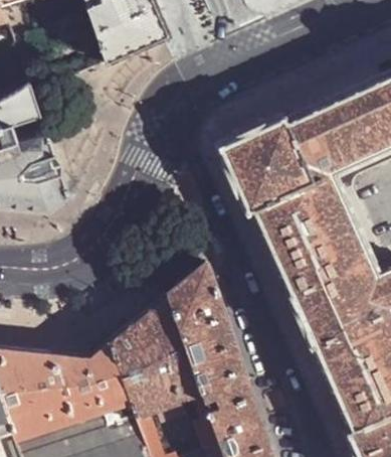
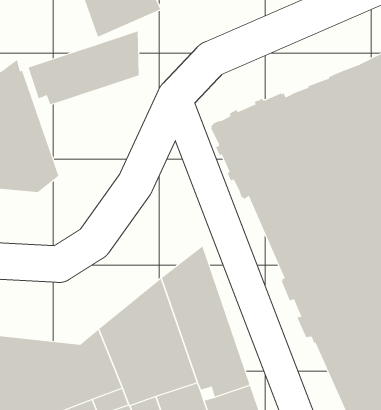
building: none -> [28,31,139,105]

